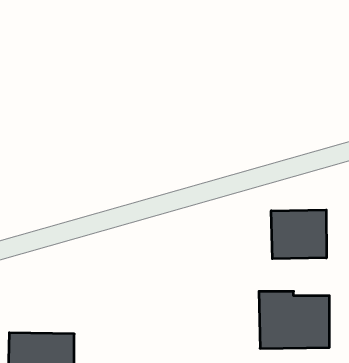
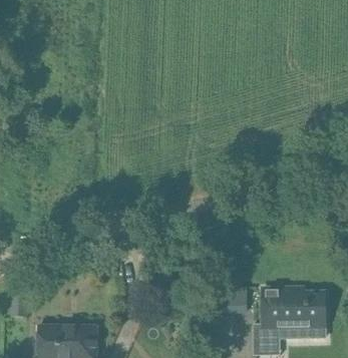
building: [271,210,326,259] -> none

